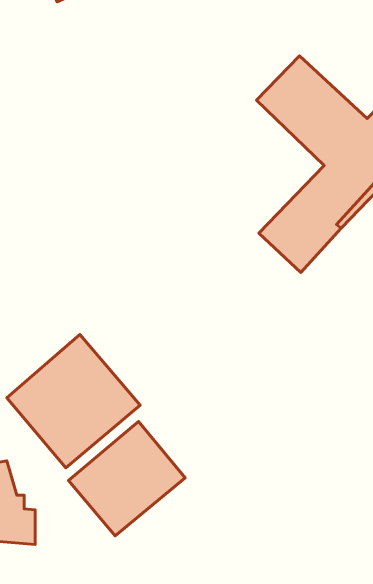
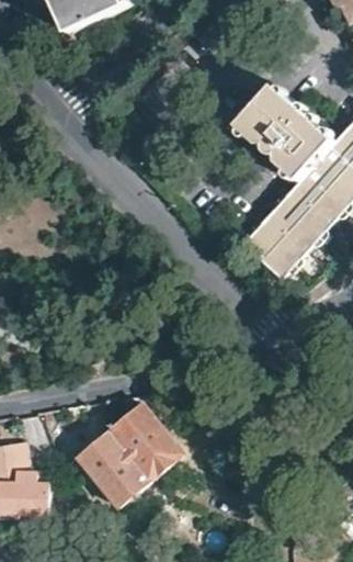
building: [7,335,140,468] -> none

